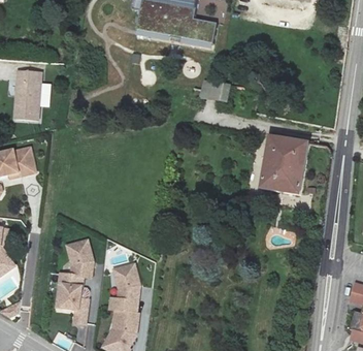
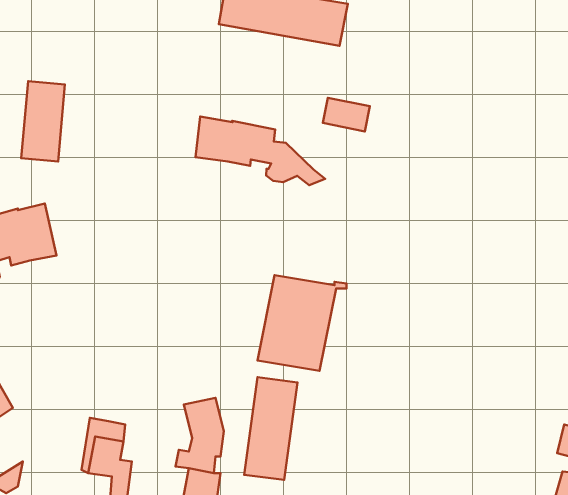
building: none -> [196,117,325,185]
building: [261,137,316,196] -> [258,275,346,371]
building: [65,245,90,282] -> none
building: none -> [244,377,298,480]

